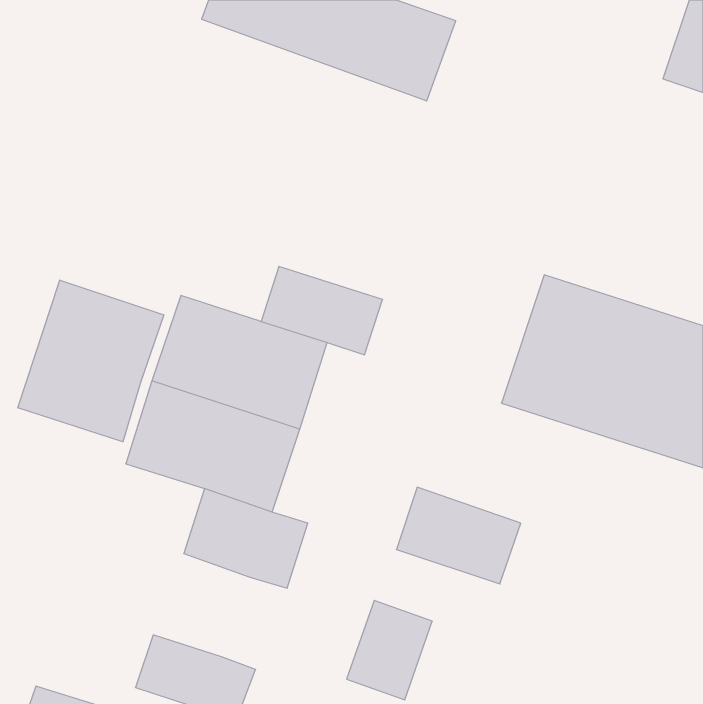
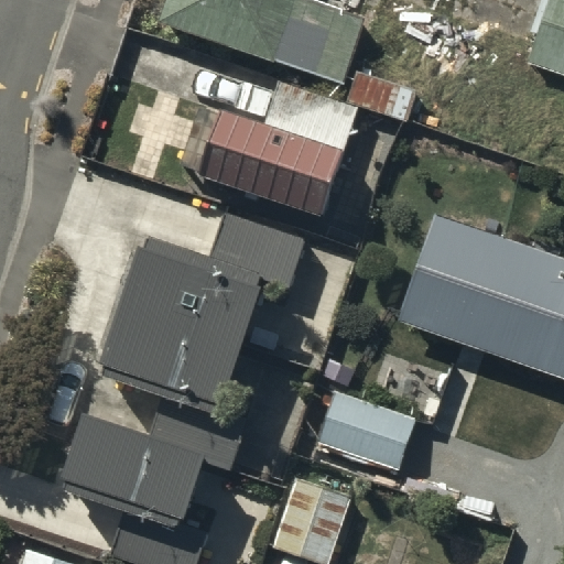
building: none -> [202,112,341,214]
building: [18,280,164,442] -> none
building: none -> [59,422,199,525]

